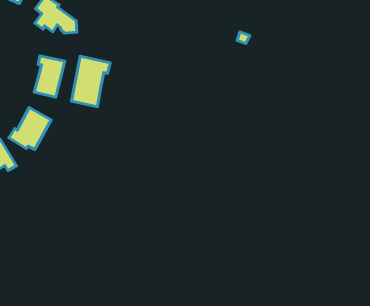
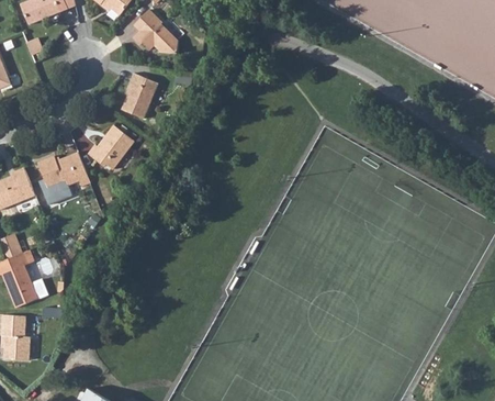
building: [72,56,110,107] -> none

